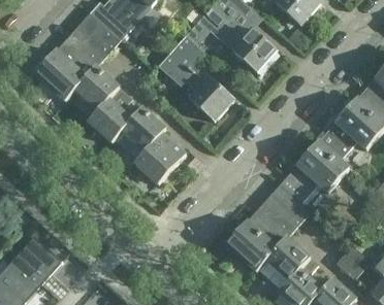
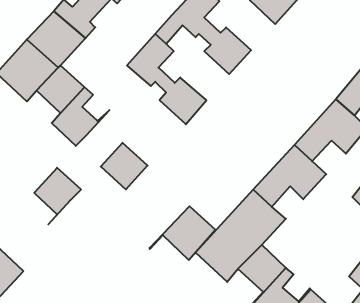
building: [121,108,165,162] -> [34,168,81,224]
building: none -> [150,206,215,260]
building: [335,245,369,278] -> none

